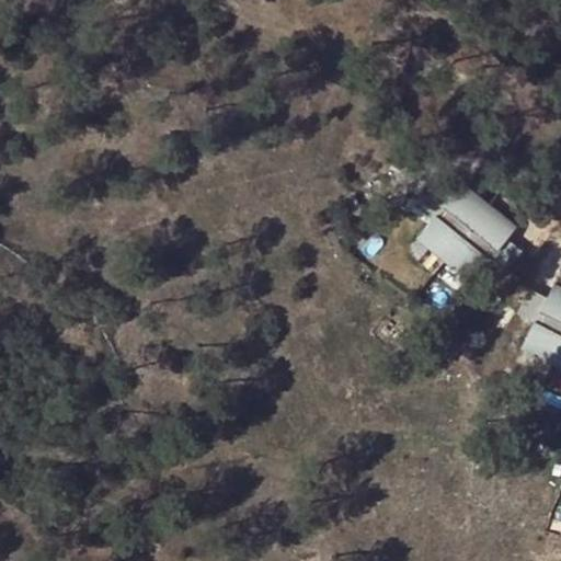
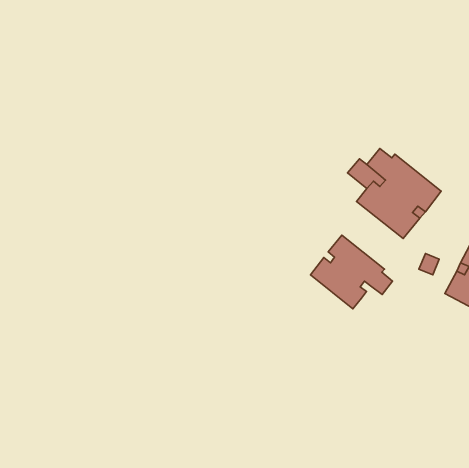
building: none -> [310,235,393,309]

